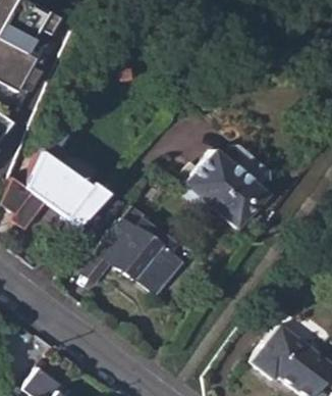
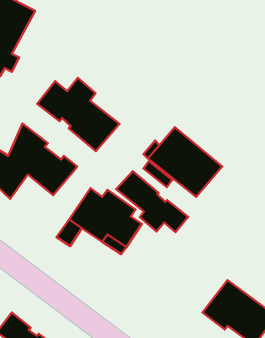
building: none -> [37,78,119,151]
building: none -> [116,171,188,232]

